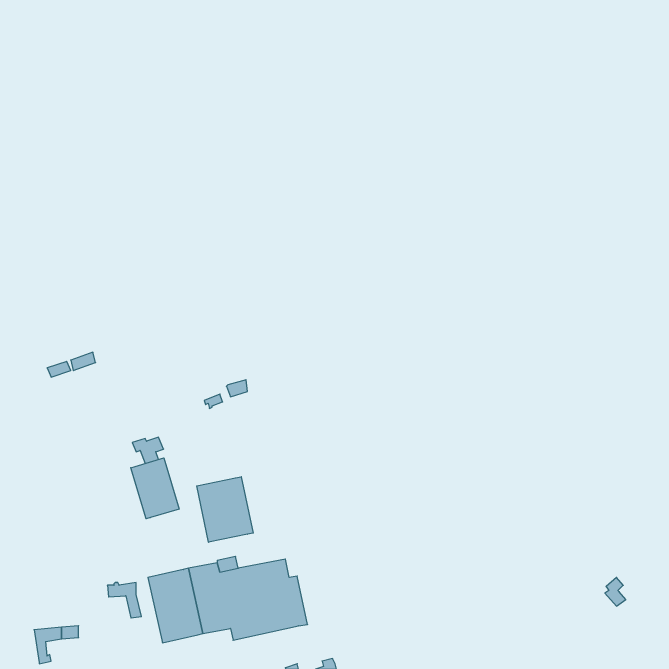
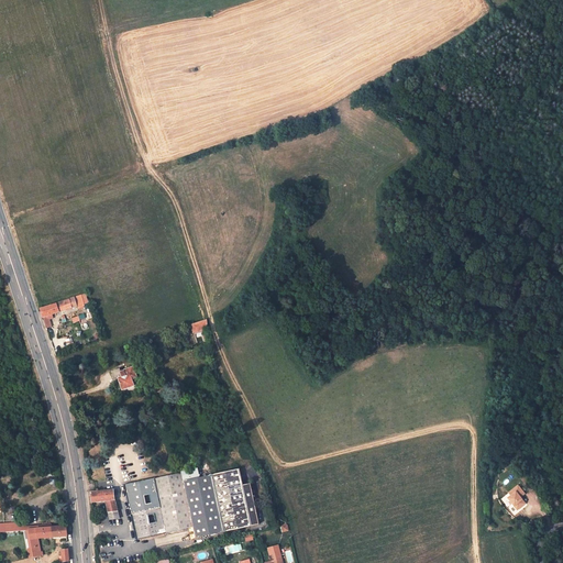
building: [131,458,179,519] -> none
building: [197,477,253,542] -> none

